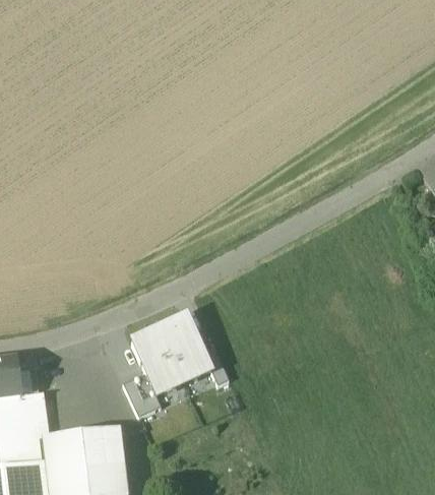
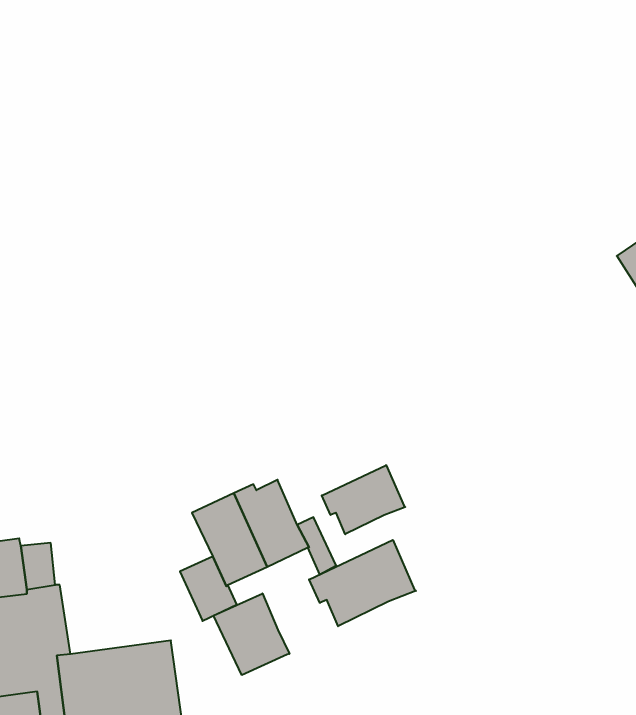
building: none -> [322,465,405,534]
building: none -> [309,540,416,626]
building: none -> [214,593,289,675]

